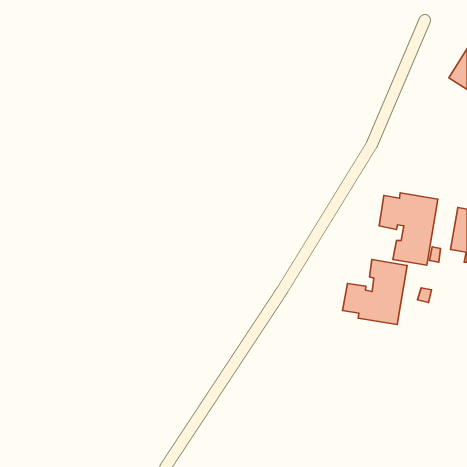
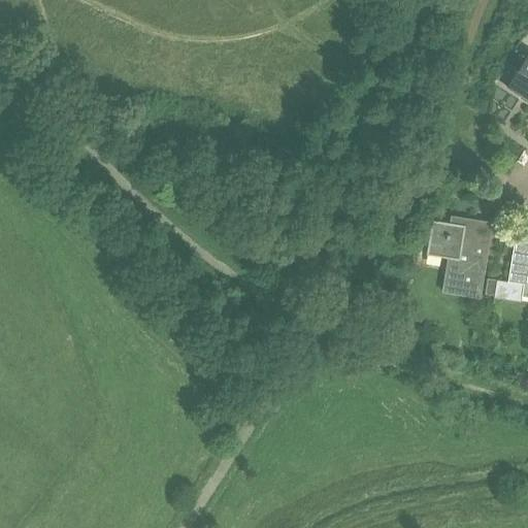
building: [343,259,407,324] -> none

